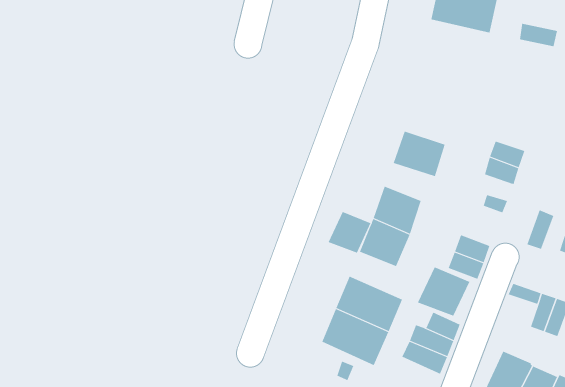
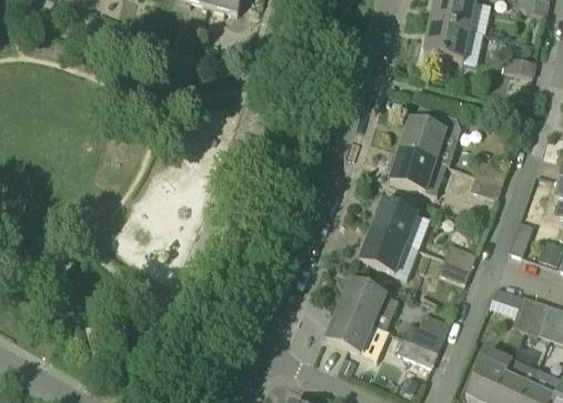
building: none -> [400,120,446,163]
building: [328,211,371,253] -> none
building: [417,266,470,317] -> none

